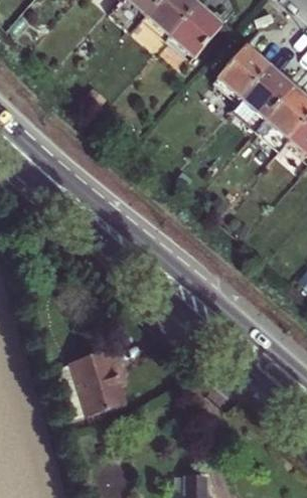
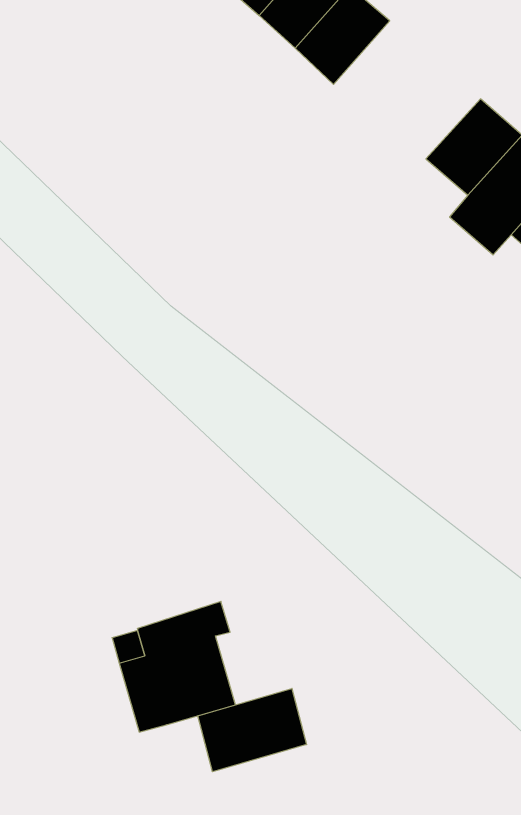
building: [204,35,274,99] -> none
building: none -> [198,688,307,772]

